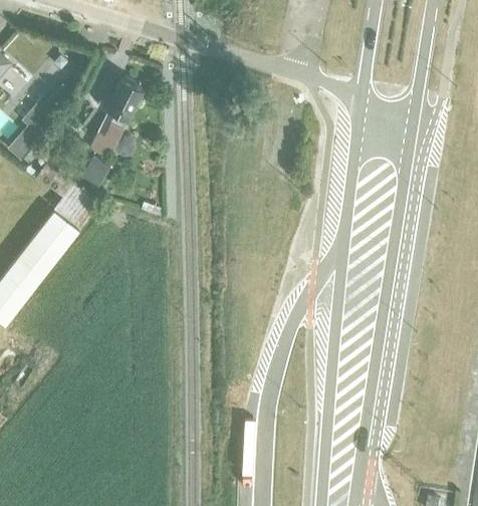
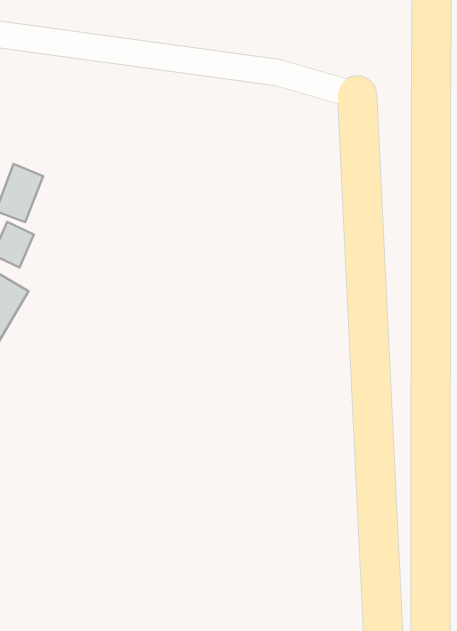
building: [99,81,143,130] -> none

